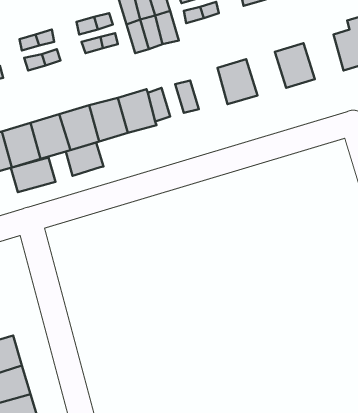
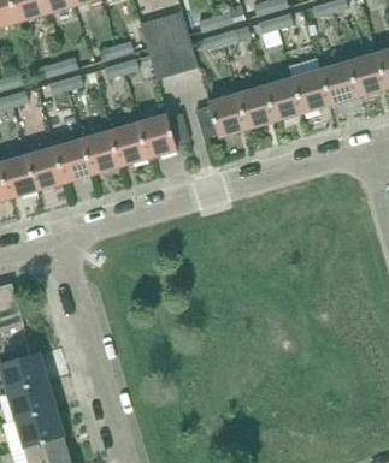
building: none -> [319,60,358,103]
building: none -> [264,77,302,119]
building: none -> [208,93,246,136]
building: [66,143,104,176] -> none
building: [11,157,55,192] -> none

